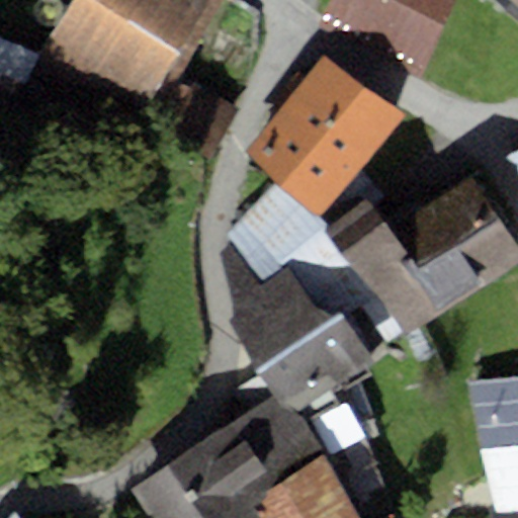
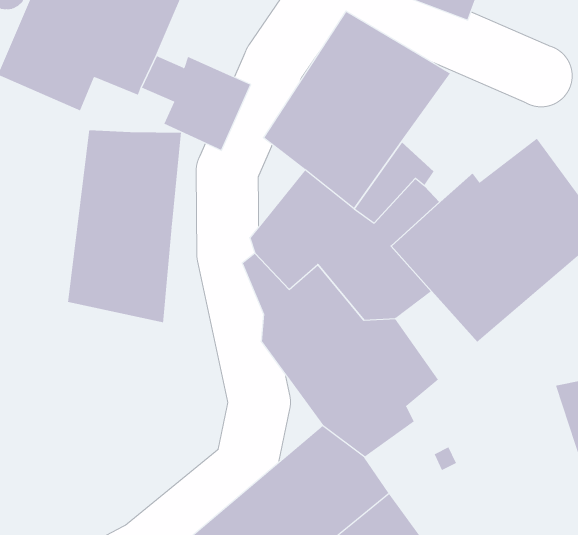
building: none -> [67,129,182,323]

